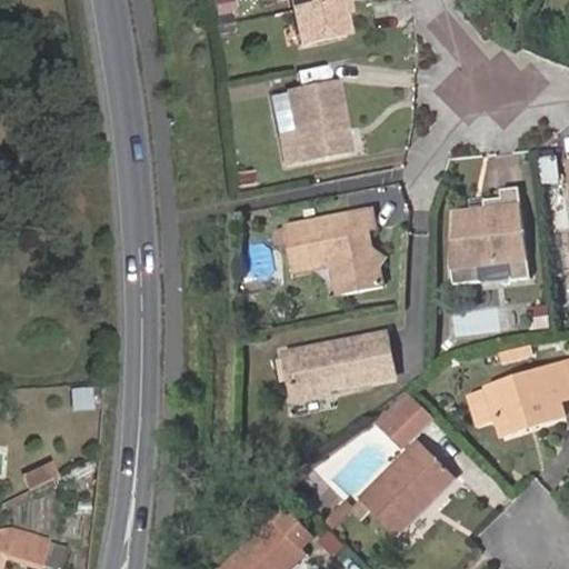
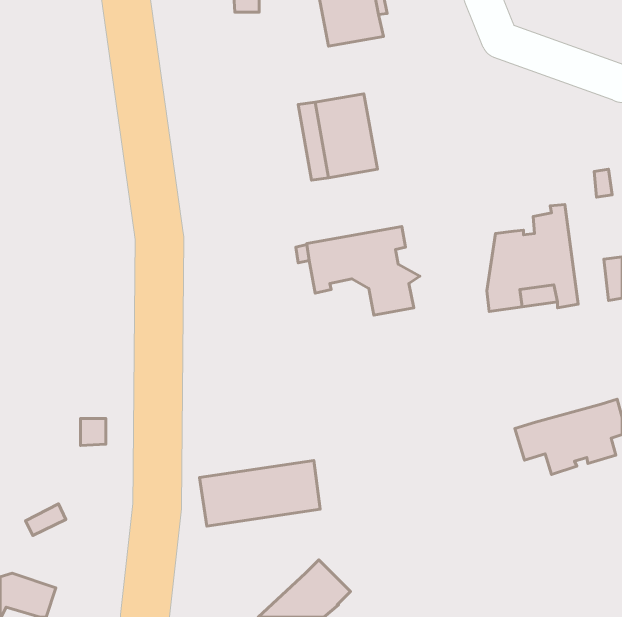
building: [279,338,389,398] -> [200,460,320,526]
building: [373,389,436,446] -> none
building: [359,441,458,533] -> none

